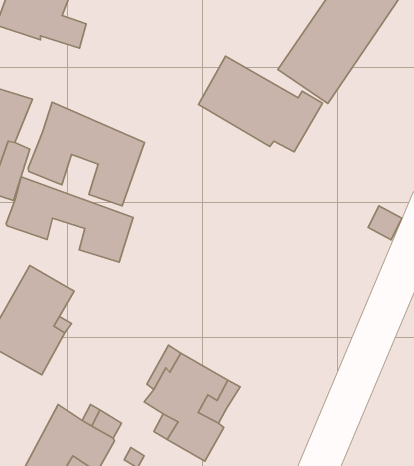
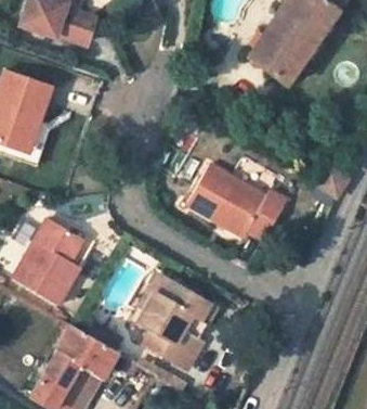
building: [198,56,322,152] -> [188,161,288,238]
building: [28,102,145,206] -> none
building: [6,177,133,262] -> none

